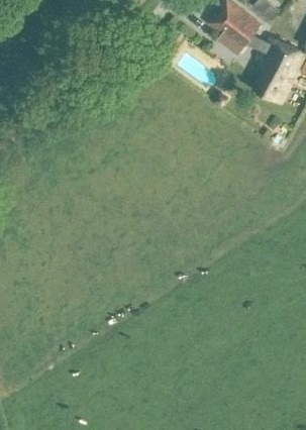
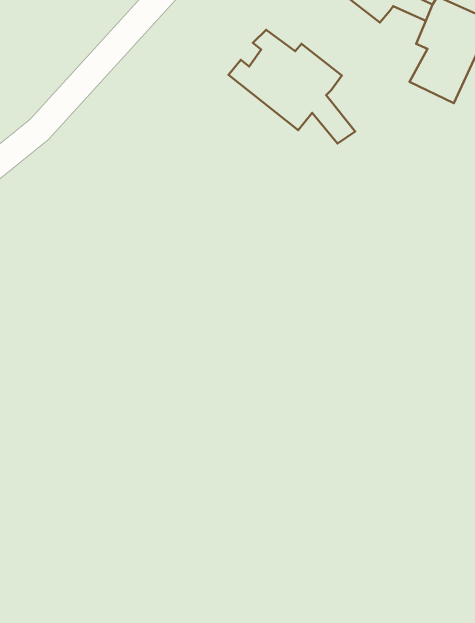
building: none -> [228,30,355,143]

